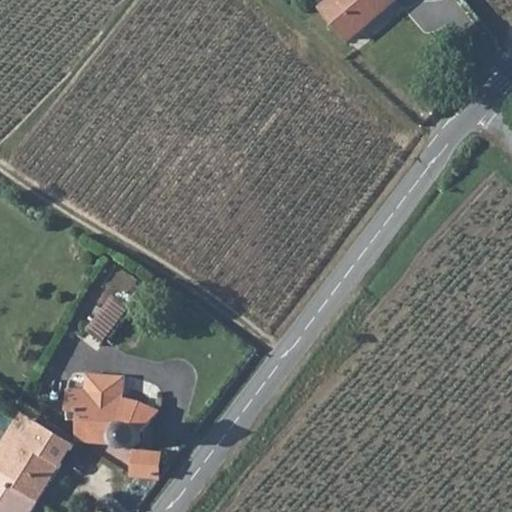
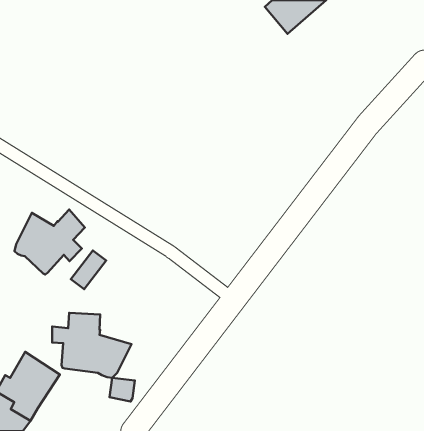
building: none -> [14,209,85,274]

